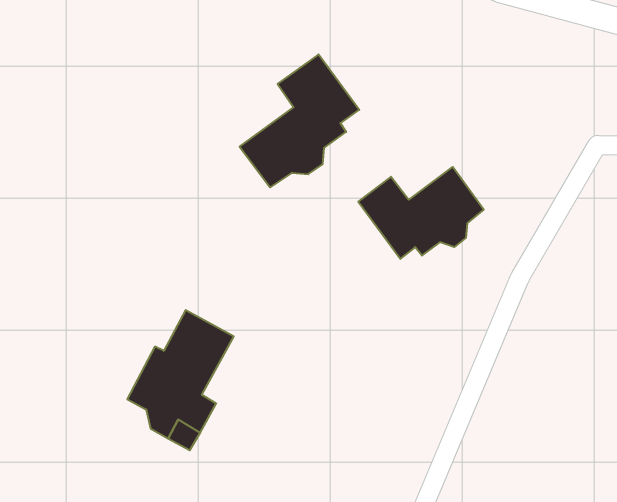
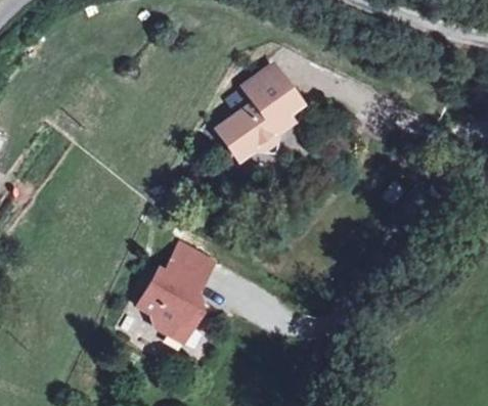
building: [358,167,484,259] -> none

